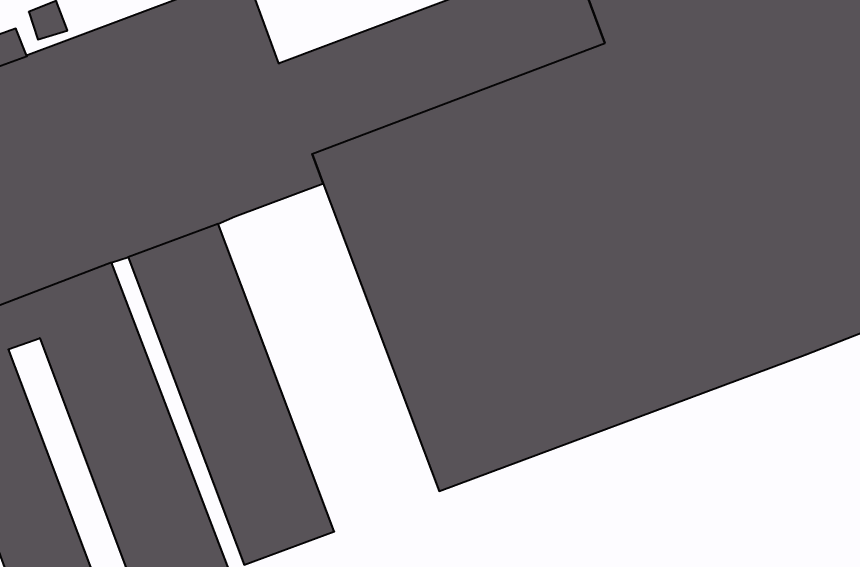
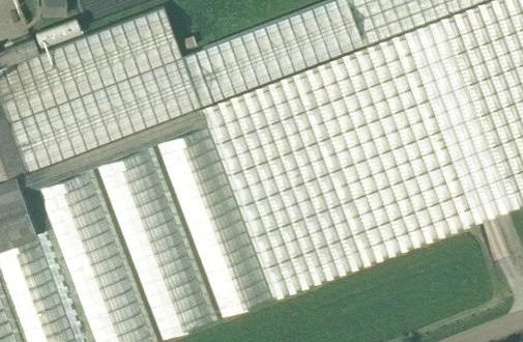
building: none -> [156,125,271,317]

